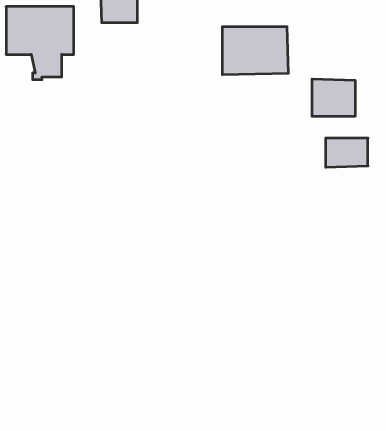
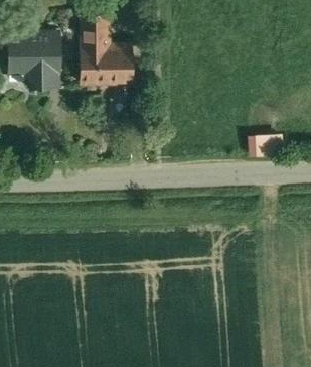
building: [222,27,288,75] -> [81,48,131,85]
building: [312,79,355,116] -> none

